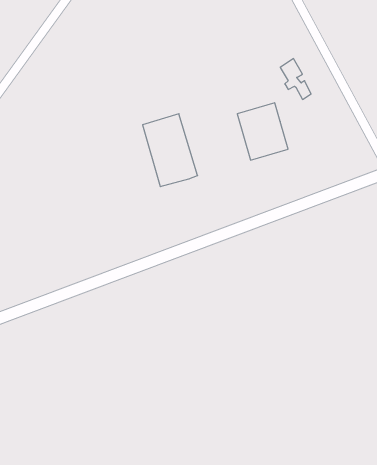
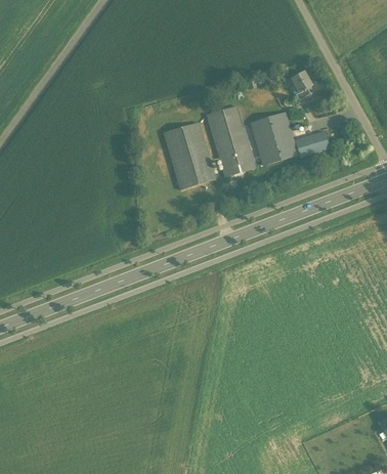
building: none -> [205,104,255,176]
building: none -> [295,130,329,157]

